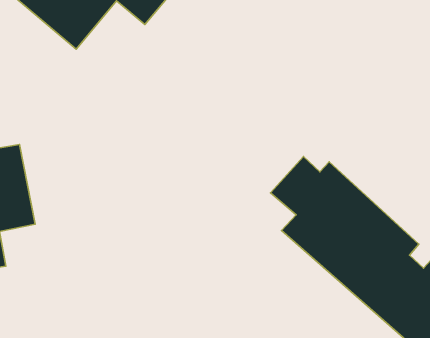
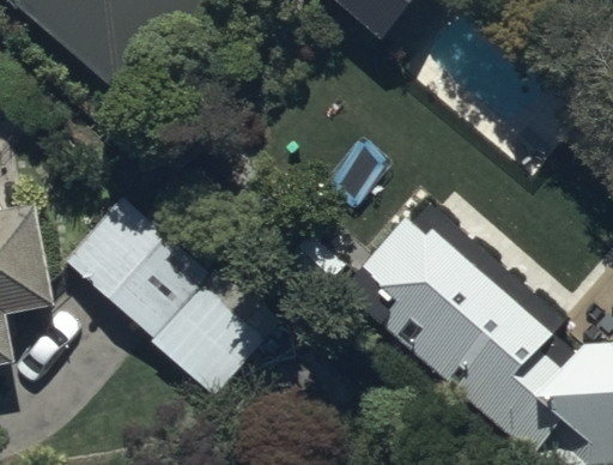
building: none -> [60,191,274,397]

